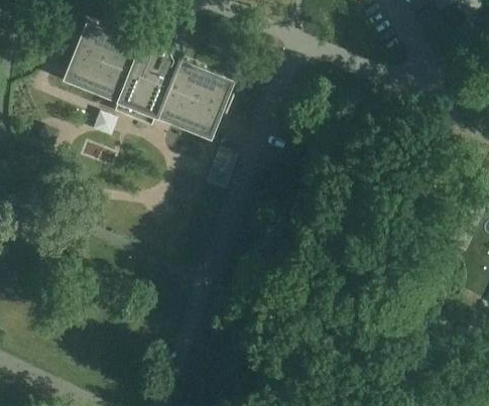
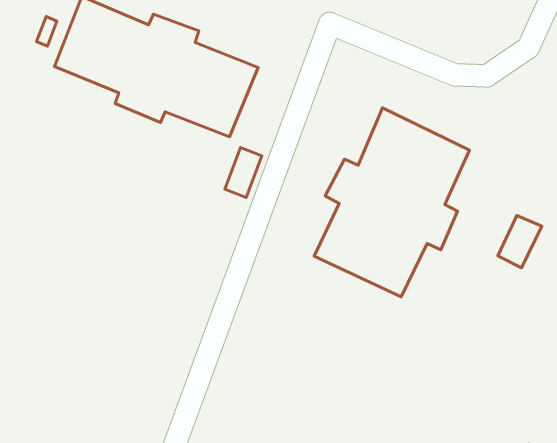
building: none -> [314,108,470,297]

